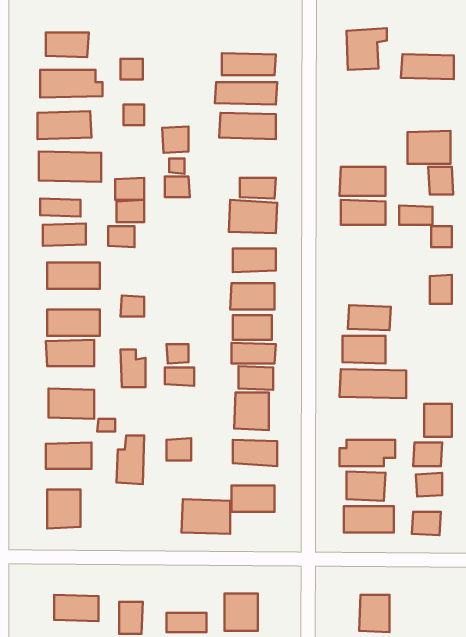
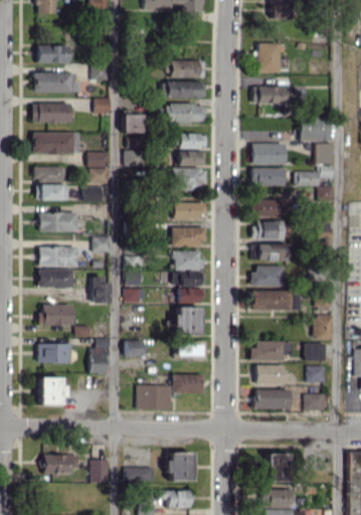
building: [401,54,454,79] -> [252,85,291,104]
building: none -> [179,134,206,148]
building: none -> [252,198,284,216]
building: none -> [254,221,284,238]

